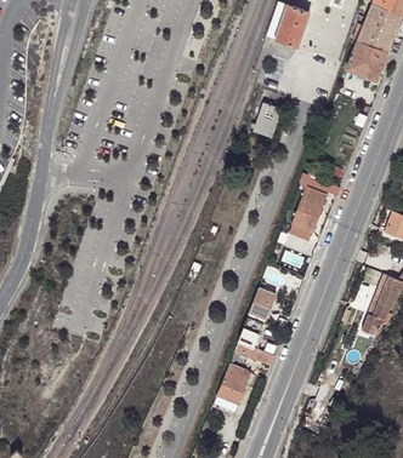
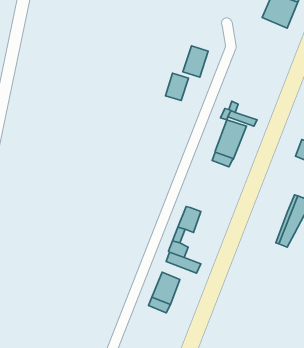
building: none -> [166,73,189,101]

